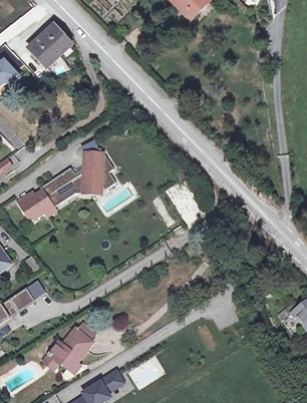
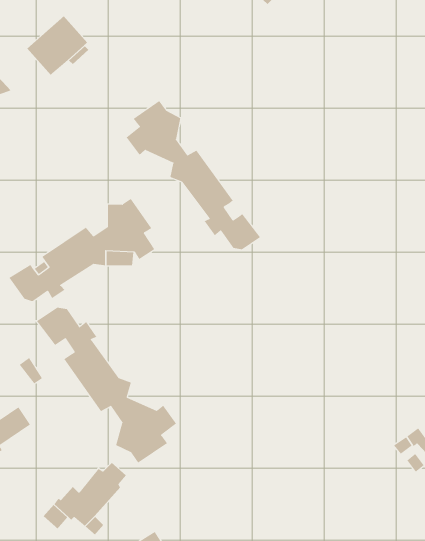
building: none -> [126,100,261,250]
building: none -> [36,307,177,464]

